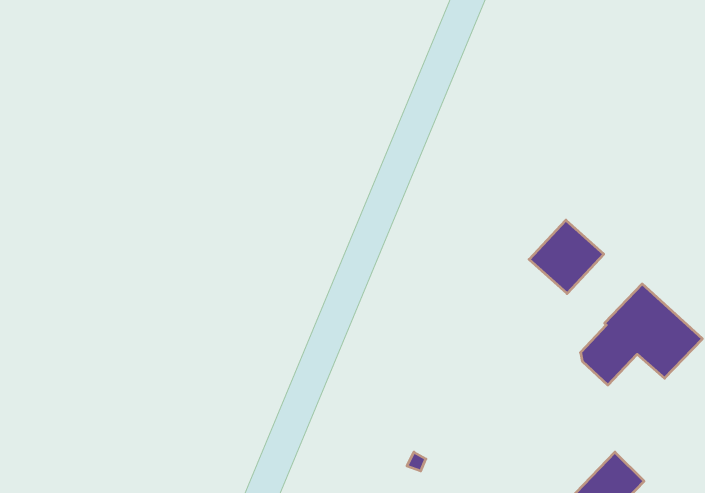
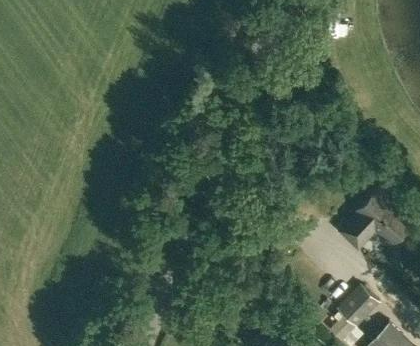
building: [529,220,604,294] -> none

